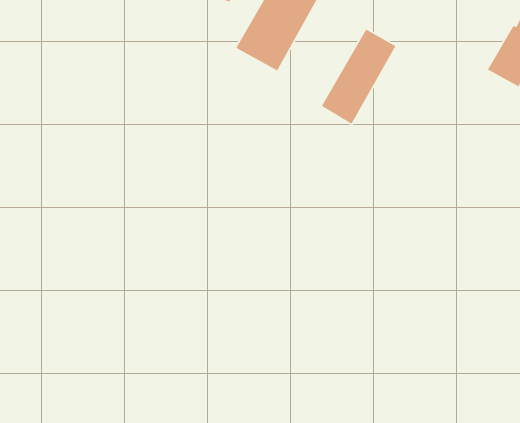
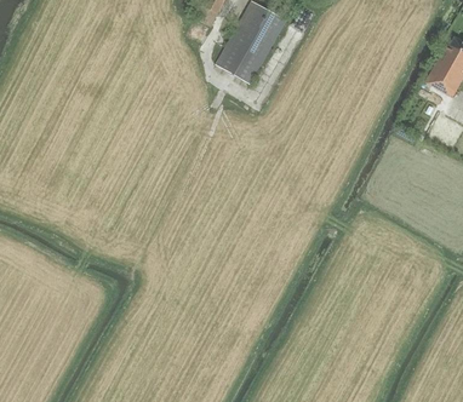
building: [321,28,397,125] -> none

